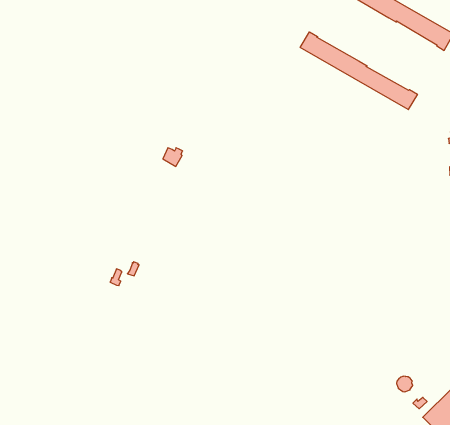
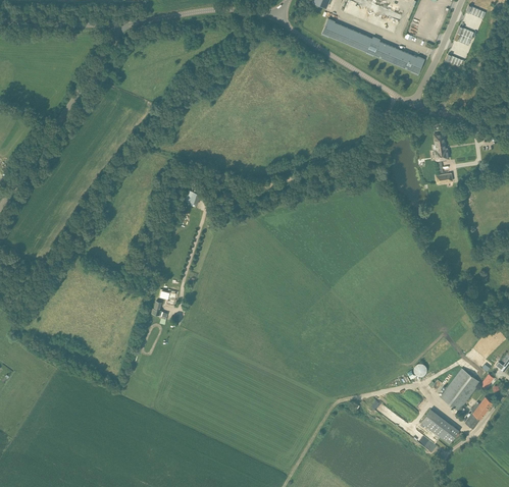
building: [300,32,417,110] -> none

